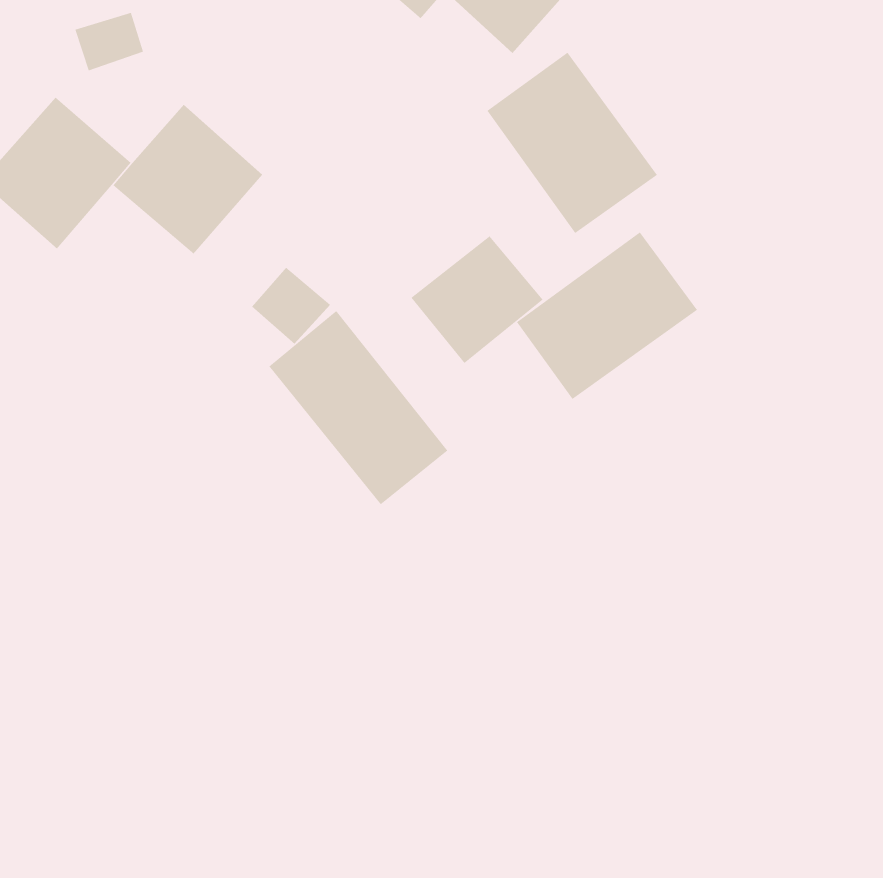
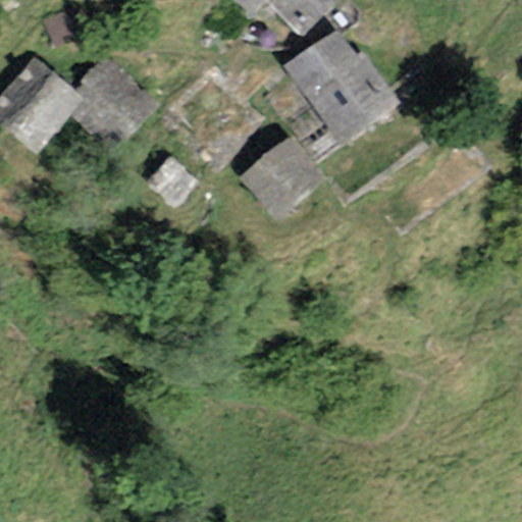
building: [516,232,698,400] -> none
building: [268,310,448,505] -> none

